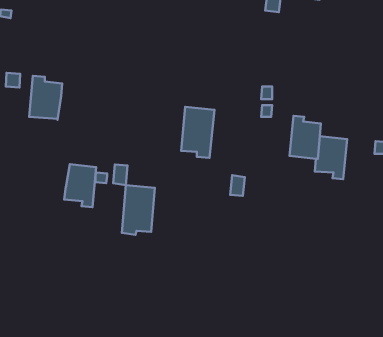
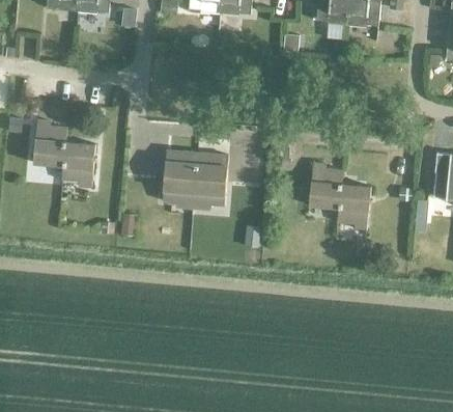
building: [64,164,96,207] -> [60,141,94,187]
building: [122,185,155,235] -> [163,149,198,202]

